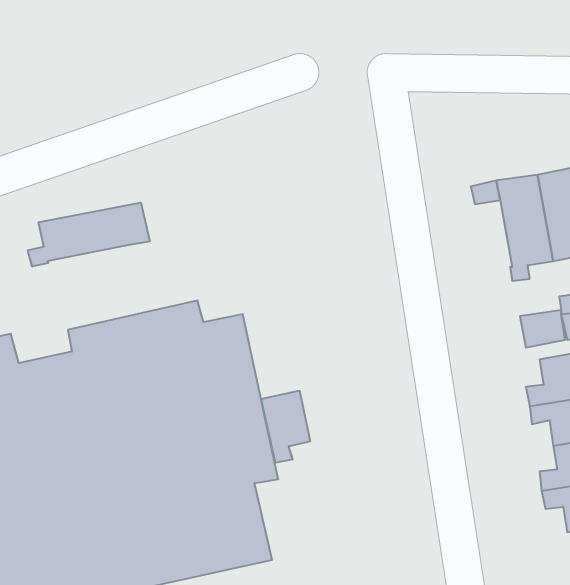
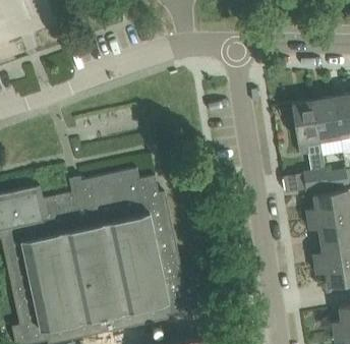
building: [28,203,150,267] -> none
building: [261,391,310,463] -> none

